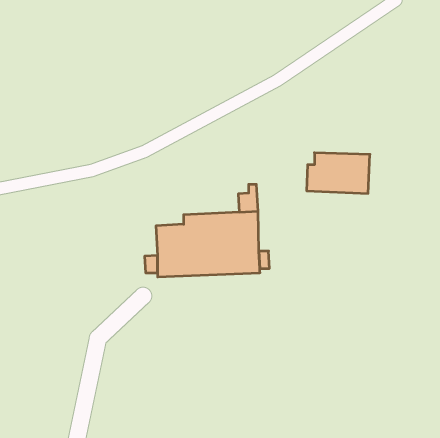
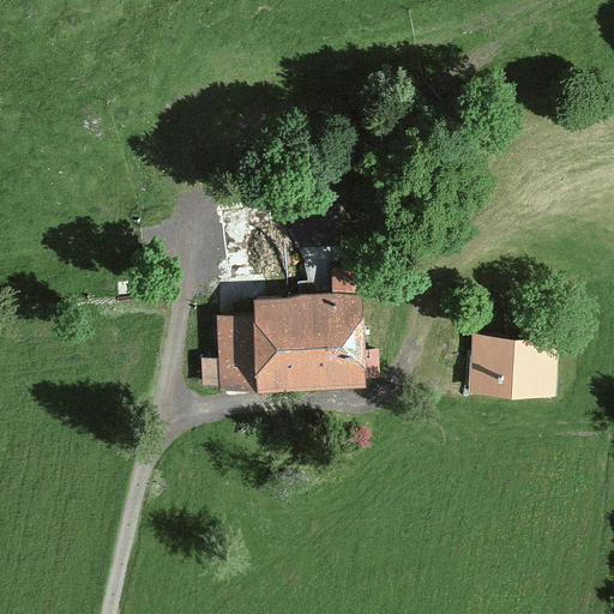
building: [307,153,370,193] -> [463,339,550,396]

